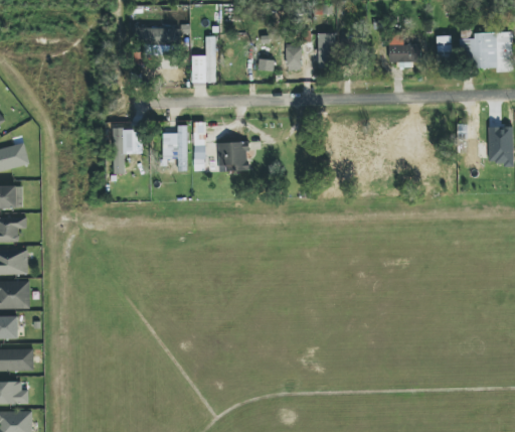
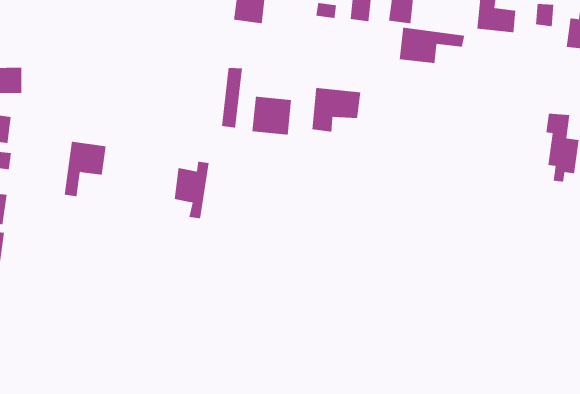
building: none -> [399,27,465,64]
building: [162,125,187,171] -> [174,161,210,219]
building: none -> [312,87,361,133]
building: [113,129,142,173] -> [64,141,106,197]

